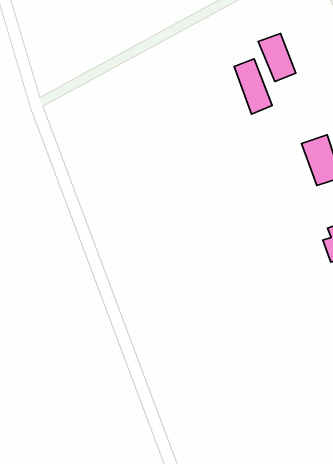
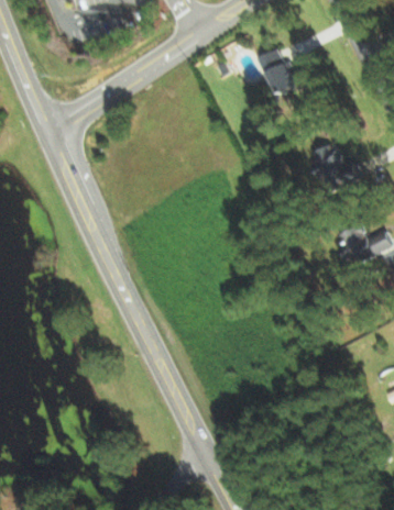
building: [234,59,272,114] -> none

